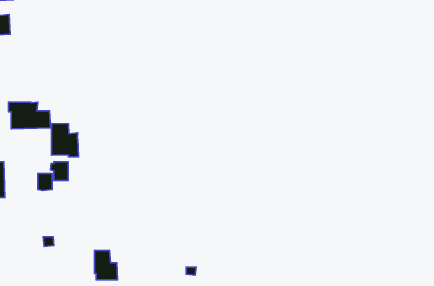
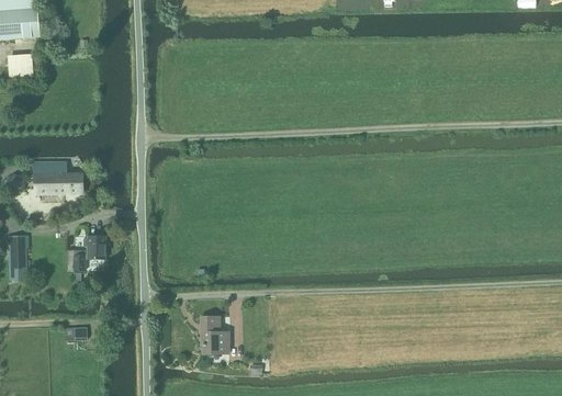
building: [51,123,79,157] -> none
building: [94,250,118,280] -> [201,317,229,353]

